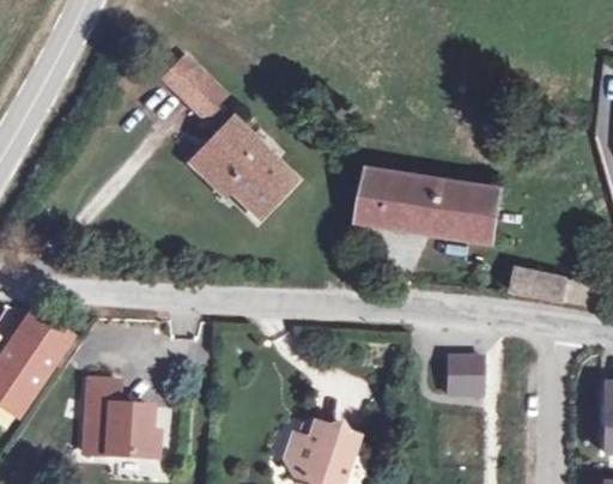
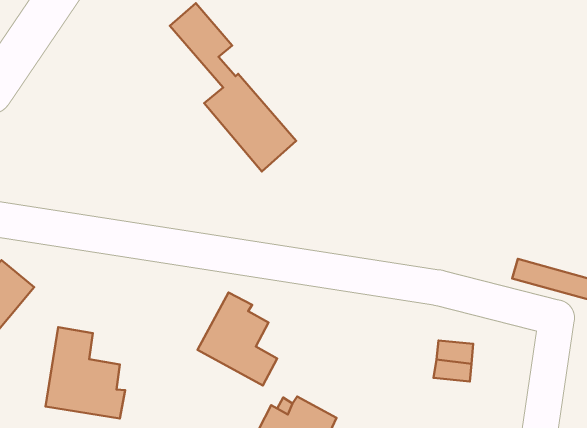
building: [359,167,503,241] -> none
building: none -> [197,292,277,385]

